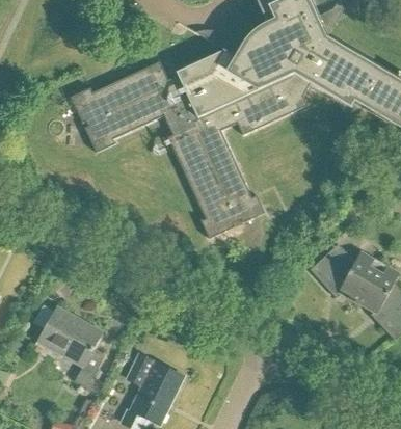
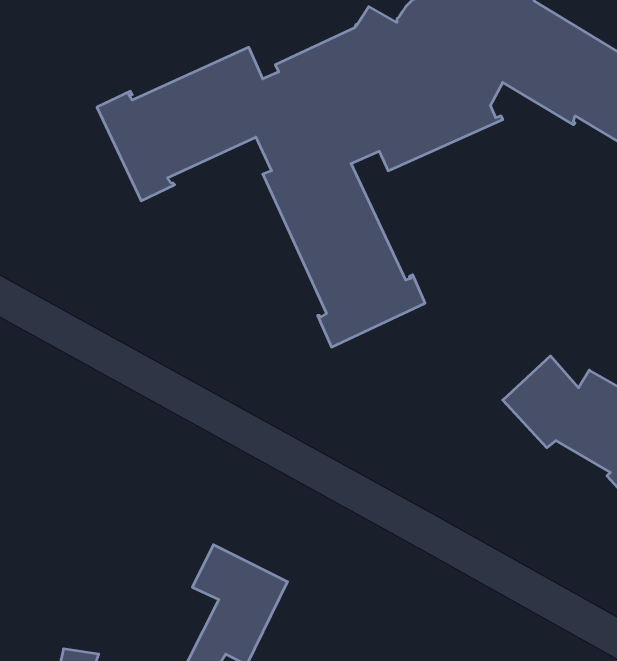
building: [36,306,103,386] -> none

